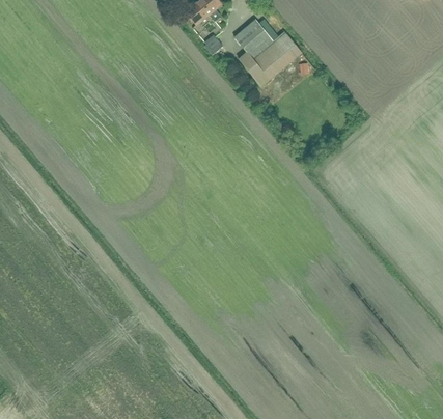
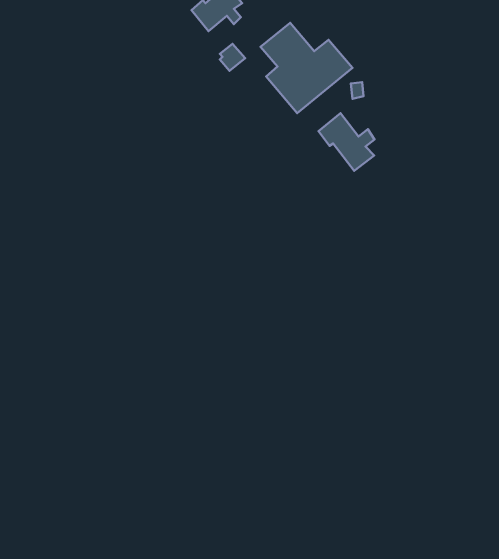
building: none -> [318,113,375,171]

